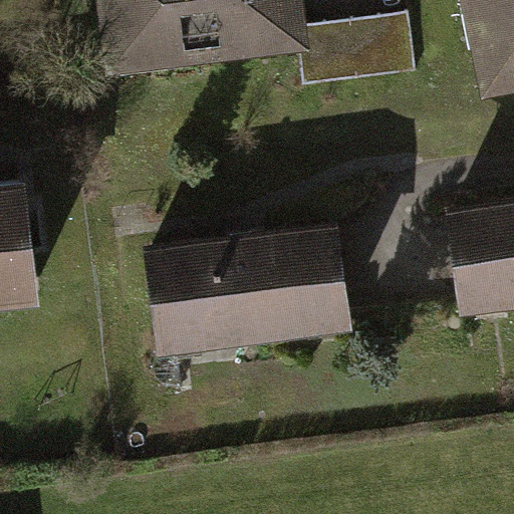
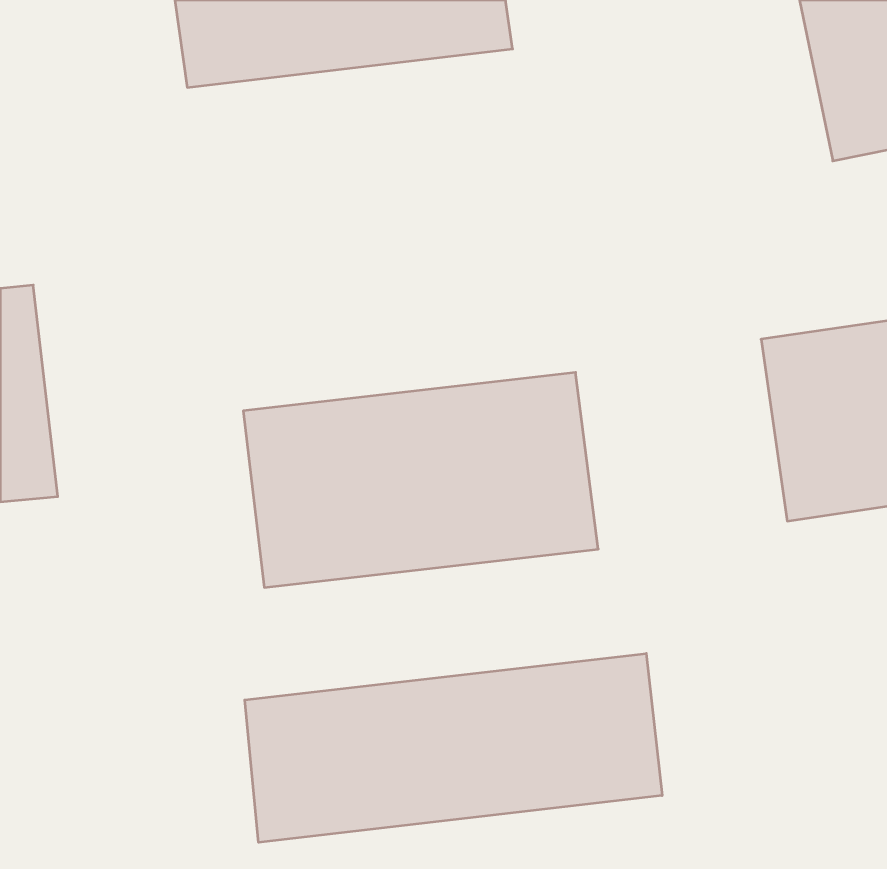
building: [316,37,423,82] -> none
building: none -> [245,653,662,842]

